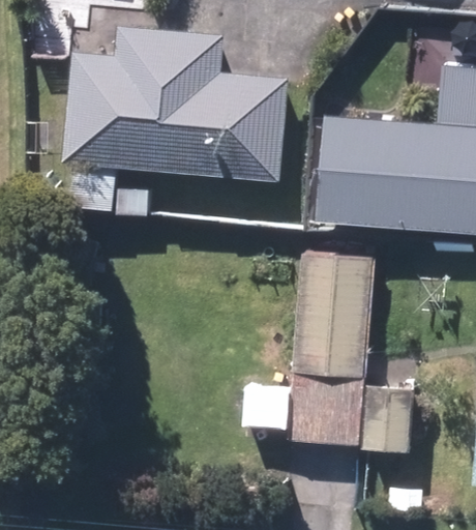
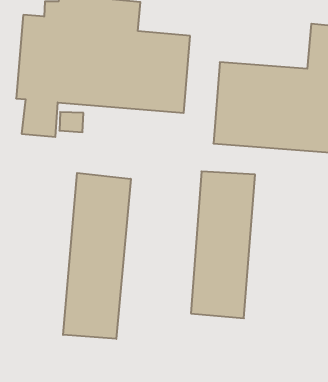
building: none -> [63,173,131,339]

